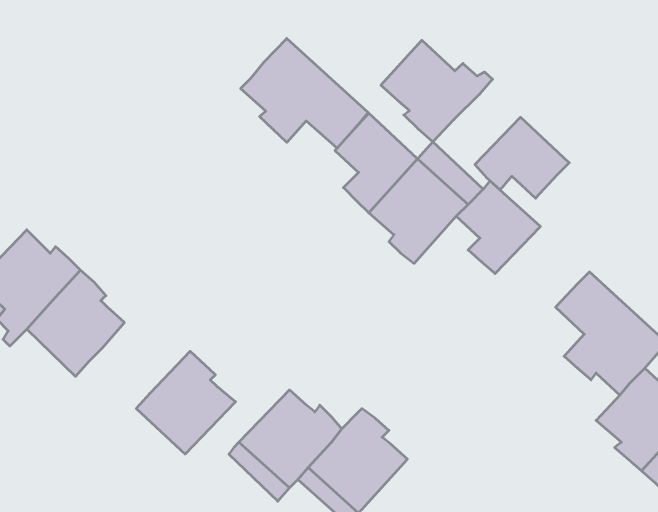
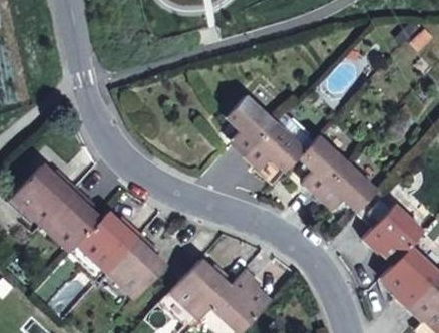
building: [241,38,368,148] -> none
building: [381,40,493,142] -> none
building: [475,117,569,198] -> [321,162,377,211]
building: none -> [79,213,139,271]

